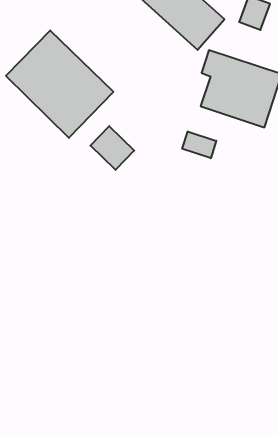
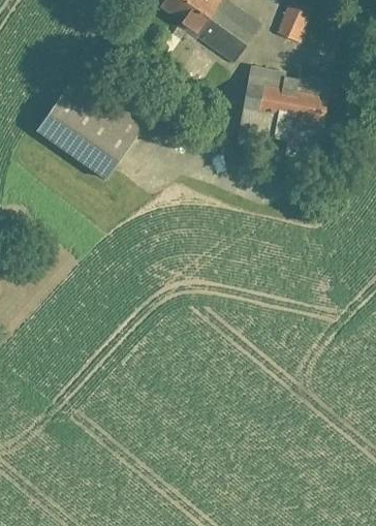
building: [90,126,134,170] -> none
building: [182,131,216,158] -> none

